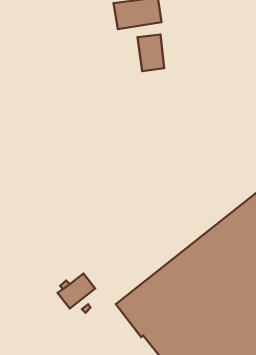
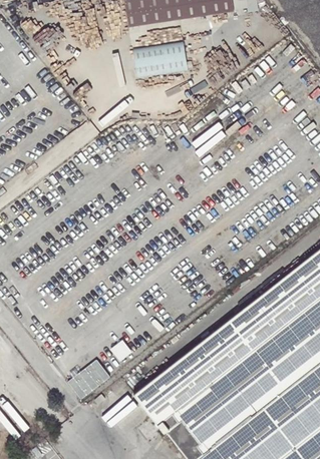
building: [138,35,164,71] -> none

